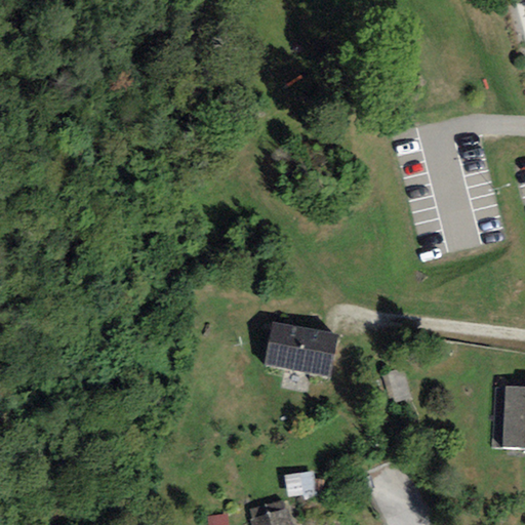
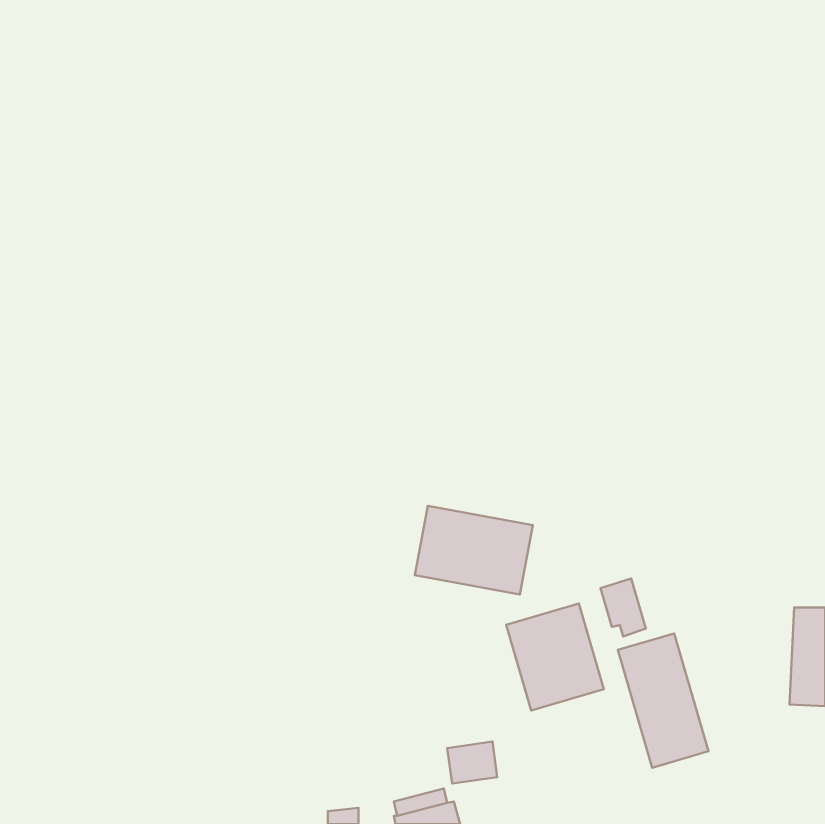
building: none -> [506,603,604,711]
building: none -> [618,633,708,768]

